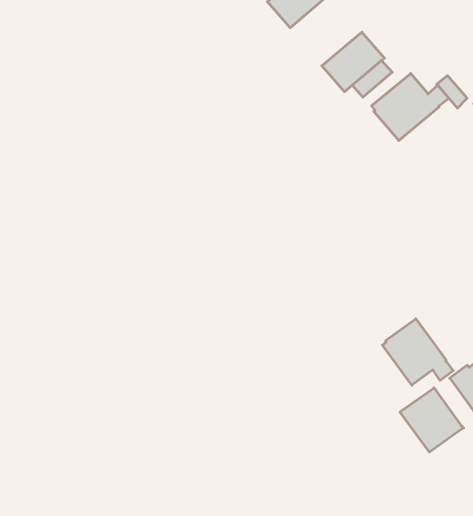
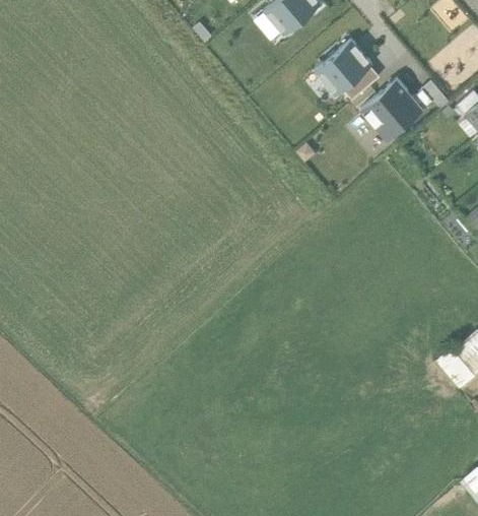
building: [382,319,453,385] -> none
building: [400,388,464,452] -> none

